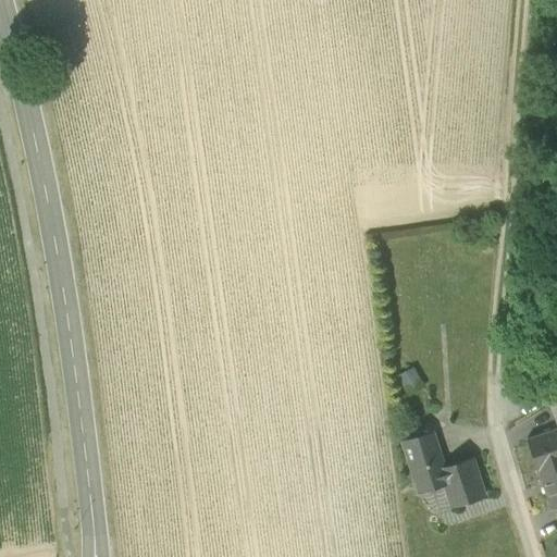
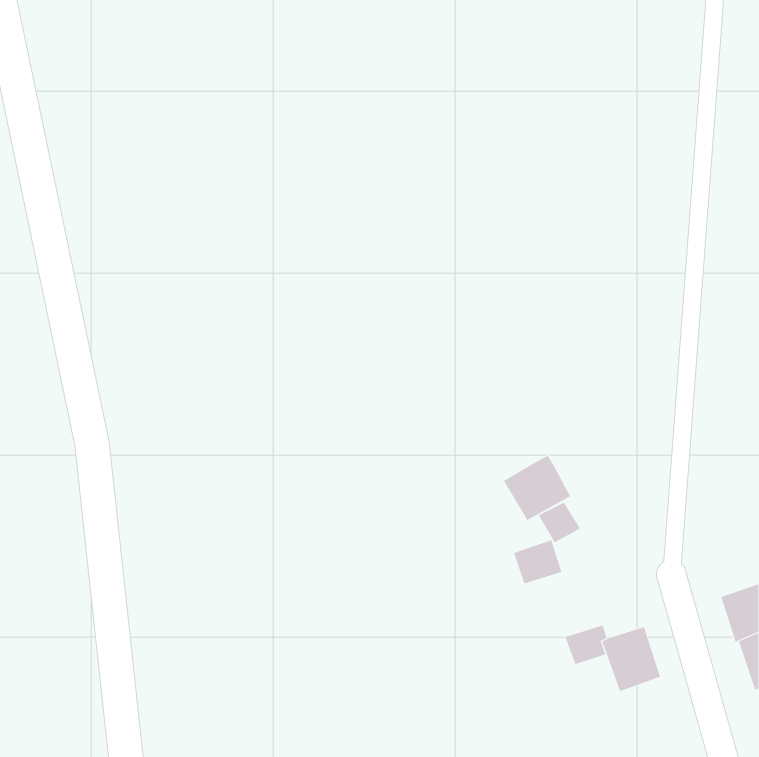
building: none -> [503,455,571,521]
building: [406,435,442,468] -> [513,540,562,584]

